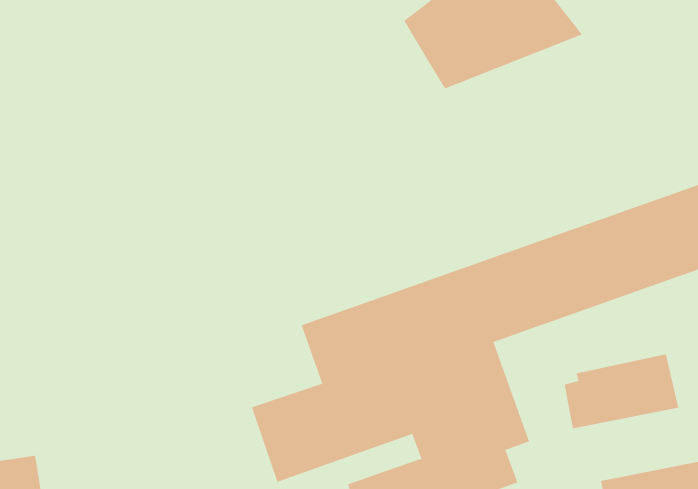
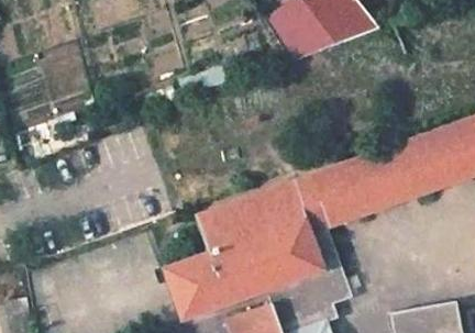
building: [564,353,679,429] -> none

